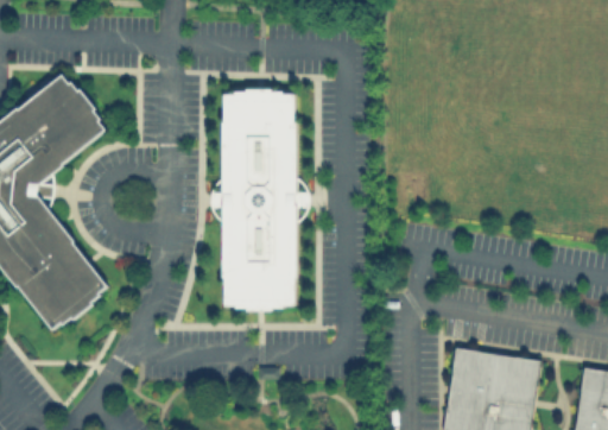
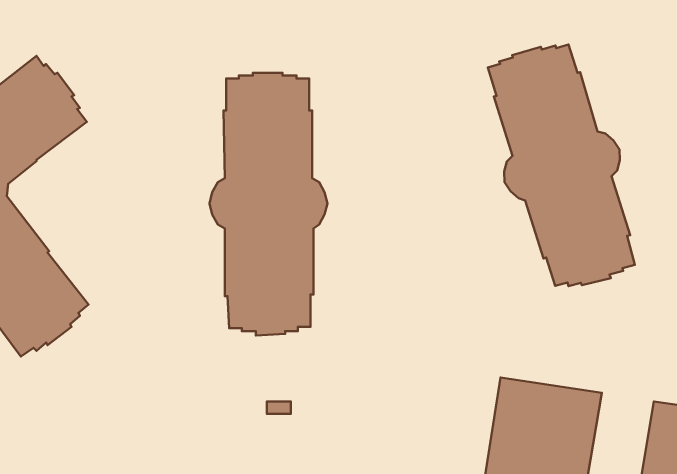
building: none -> [488,45,635,286]

